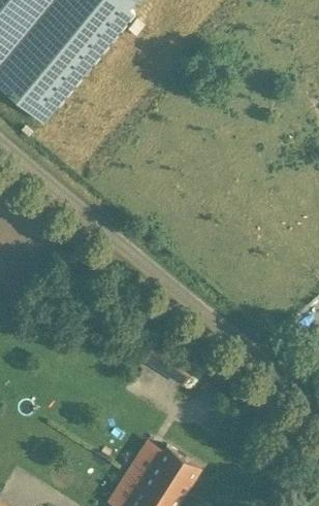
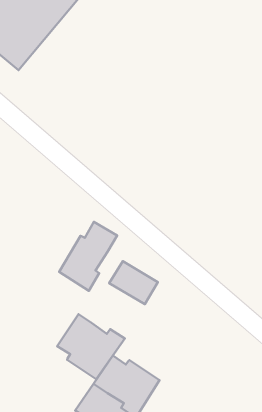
building: none -> [59,222,117,291]
building: none -> [57,314,125,379]

